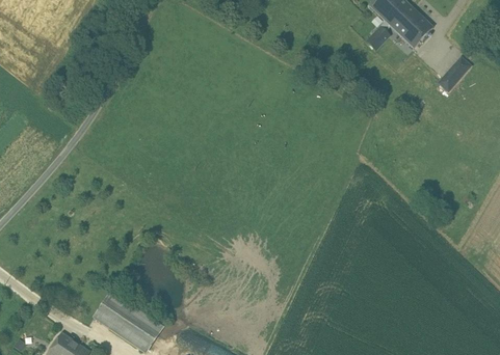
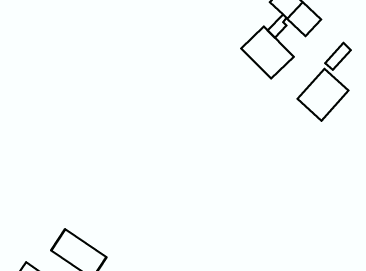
building: none -> [241,27,294,79]
building: none -> [298,69,348,121]

